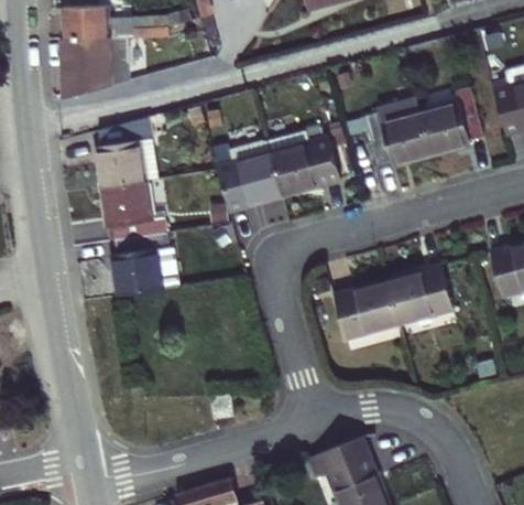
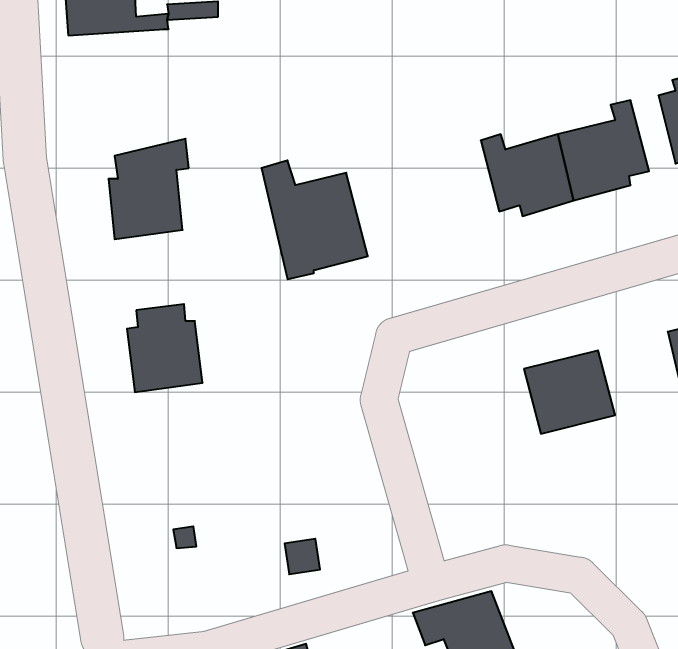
building: [64,36,134,100] -> none
building: [262,127,337,198] -> none
building: [97,180,150,237] -> none
building: [337,279,401,339] -> none

